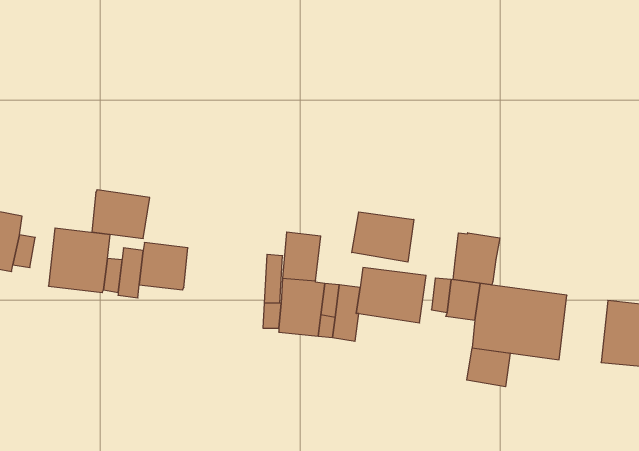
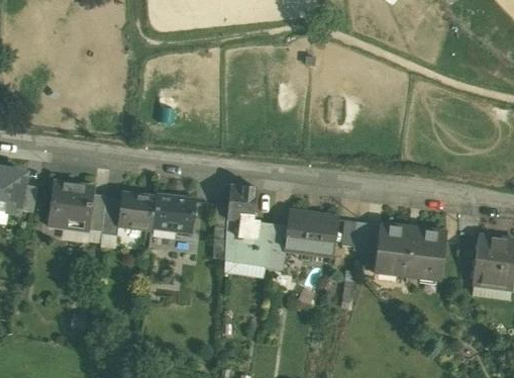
building: [92,190,150,238] -> [152,194,197,231]
building: [352,212,414,262] -> none
building: [453,233,500,285] -> none
building: [467,348,510,387] -> none

